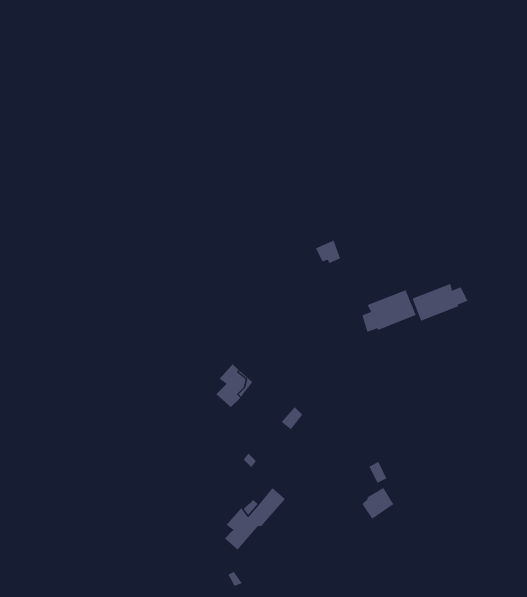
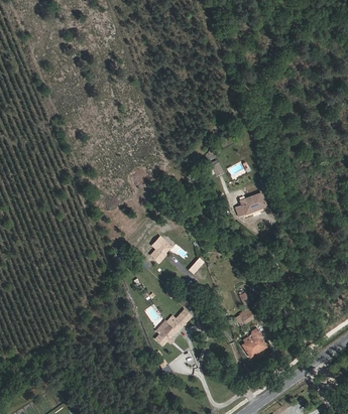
building: [412,283,468,322] -> none
building: none -> [240,327,266,358]

